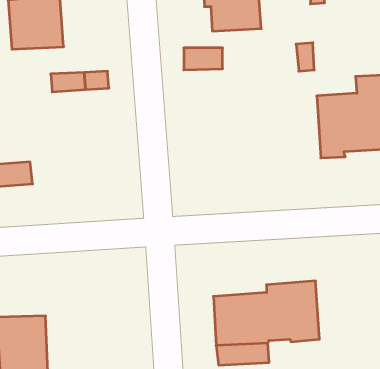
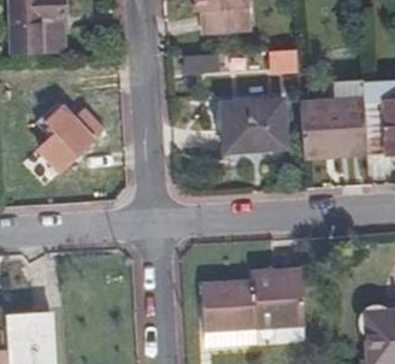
building: none -> [219,101,285,151]
building: none -> [34,102,94,164]

